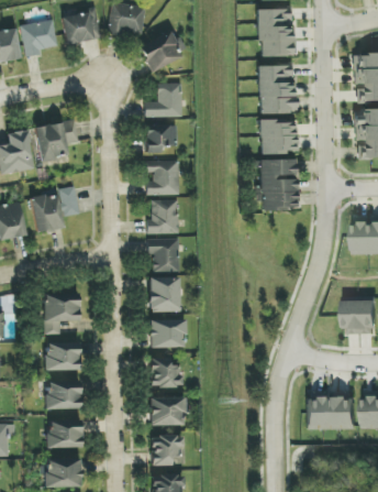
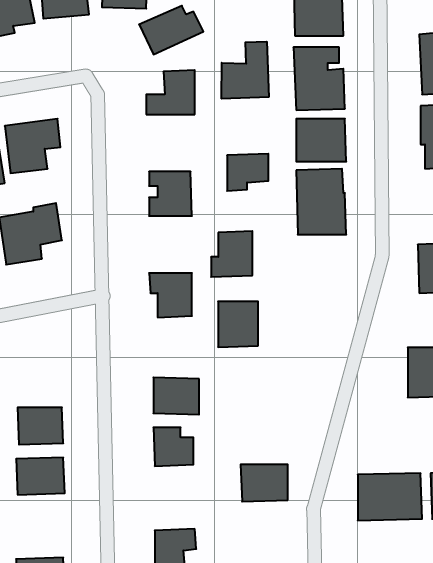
building: none -> [222,42,269,99]
building: [145,124,177,153] -> [227,154,268,191]
building: [146,199,178,234] -> [211,231,252,277]
building: [148,277,179,313] -> [218,301,258,347]
building: [43,293,79,334] -> none
building: [148,397,185,426] -> [241,464,288,502]
building: [46,419,81,448] -> none

